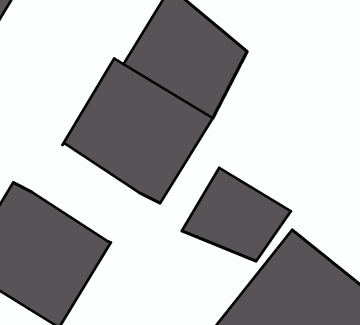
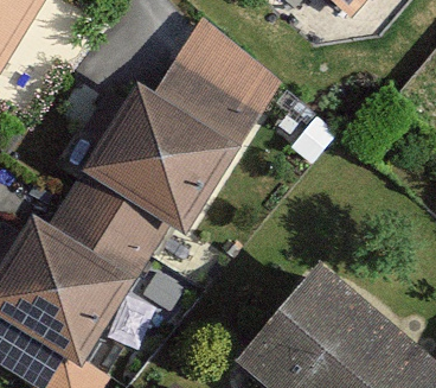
building: none -> [52,174,164,275]
building: [182,168,291,261] -> none

